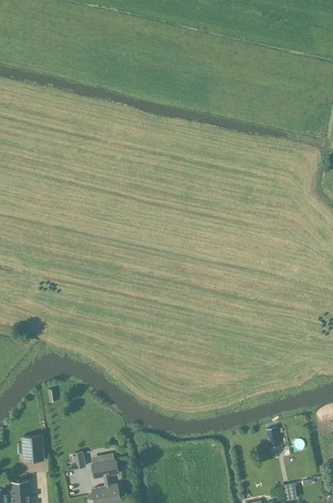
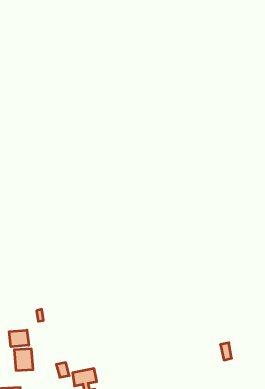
building: none -> [9,330,29,347]

